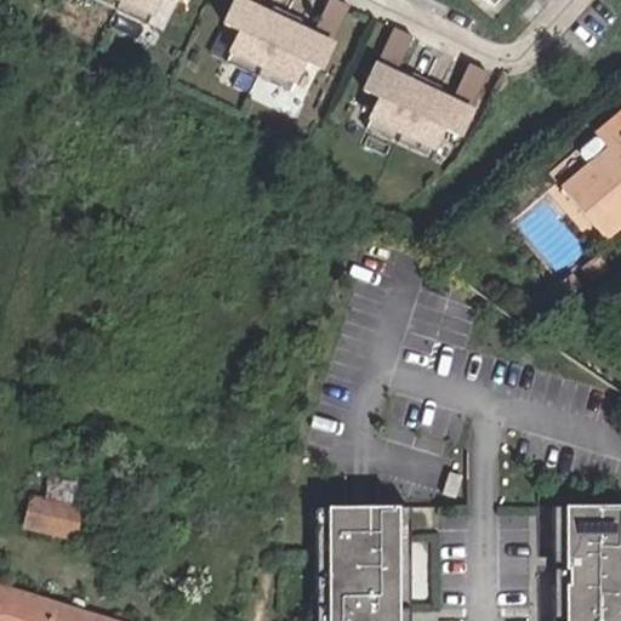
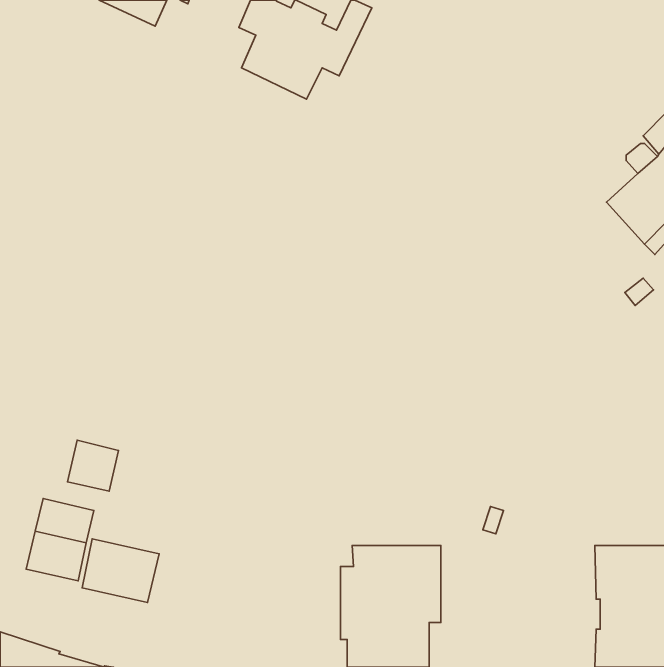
building: [364,29,488,159] -> none
building: none -> [68,440,118,491]
building: none -> [82,539,159,602]

